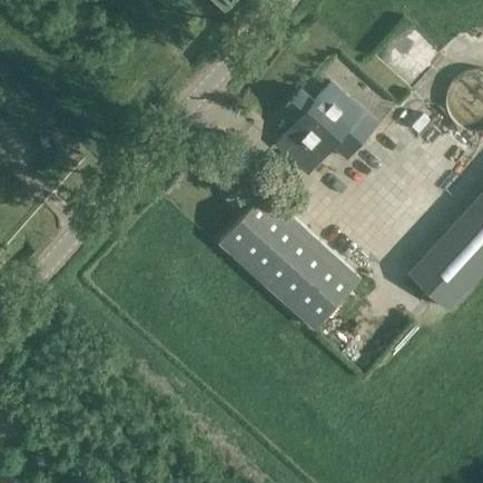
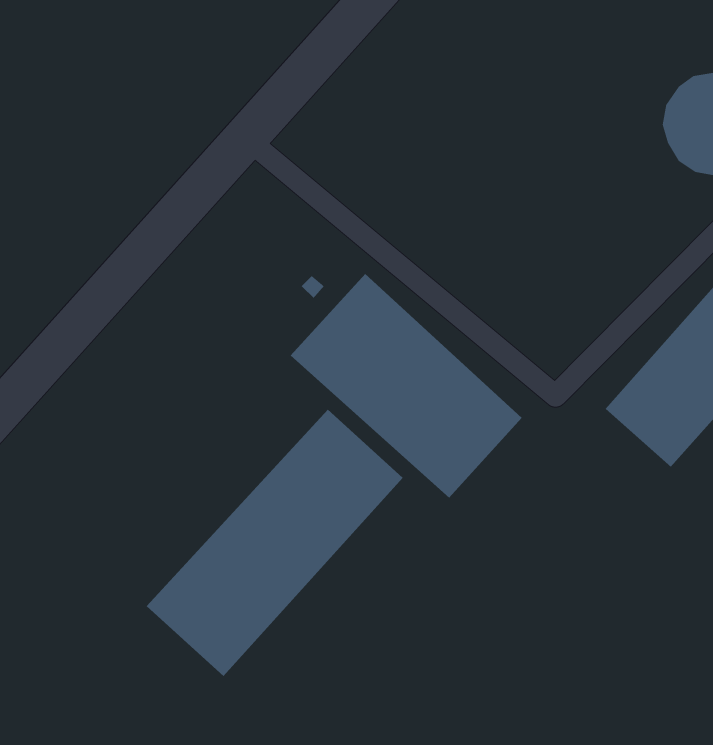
building: [274,85,376,176] -> none
building: none -> [146,409,403,677]

